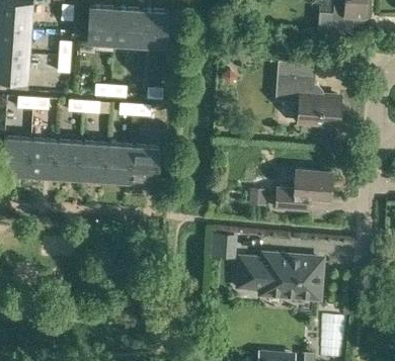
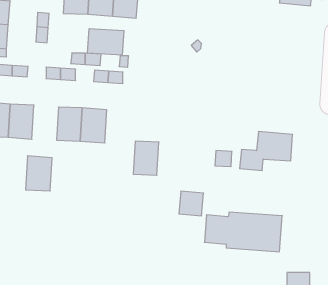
building: none -> [87,29,124,55]
building: [276,61,338,126] -> none
building: [54,141,82,178] -> [26,156,52,191]
building: [132,146,159,182] -> [133,141,159,175]

